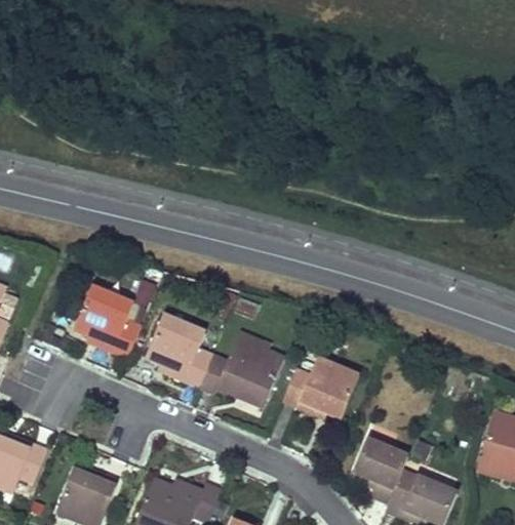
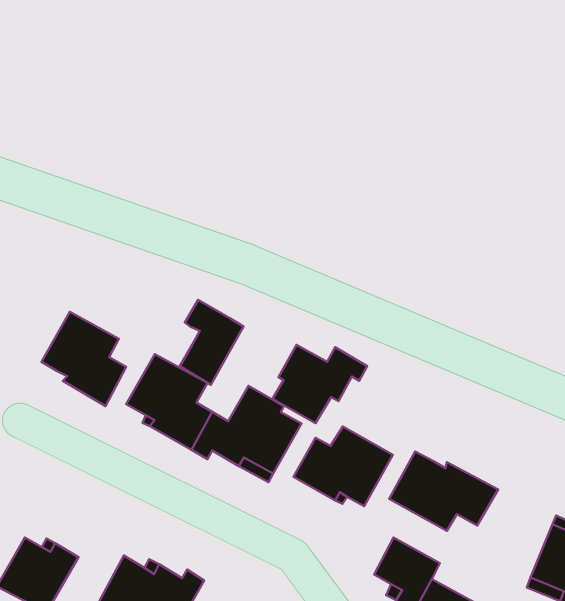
building: none -> [180,300,244,385]
building: none -> [273,345,367,423]
building: none -> [389,451,498,531]

